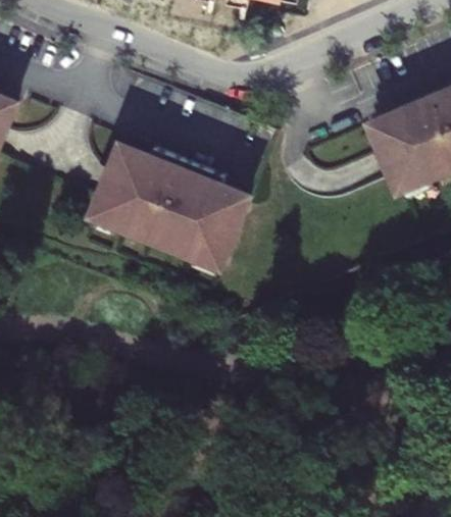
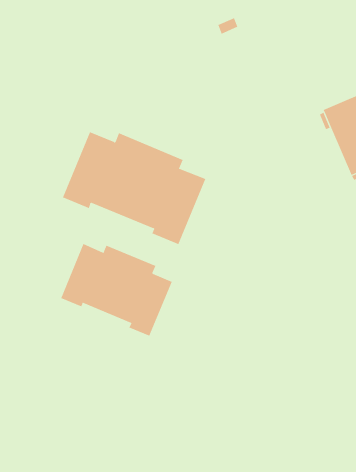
building: none -> [60,243,172,337]

